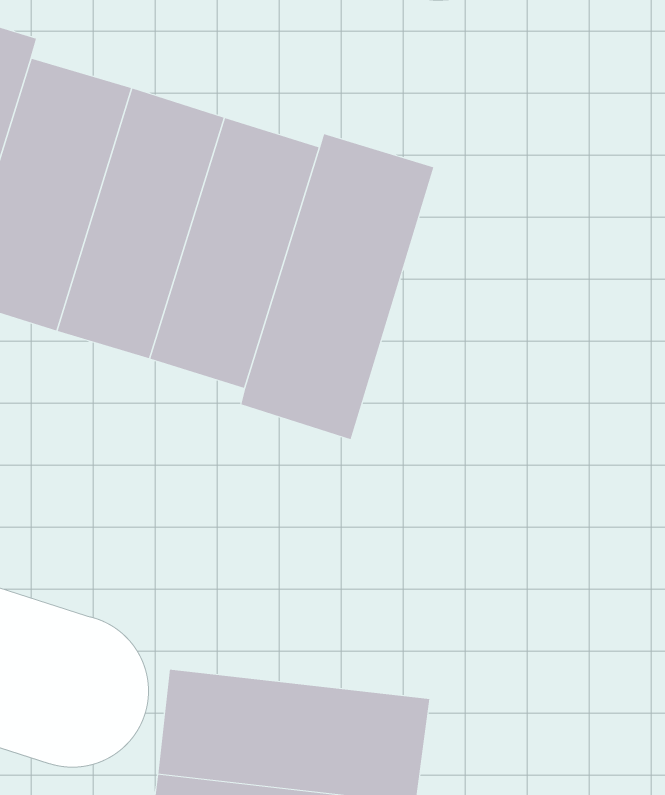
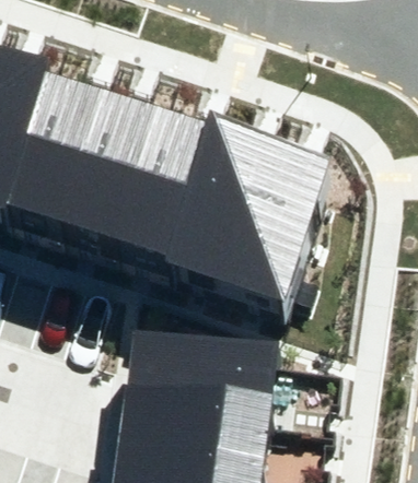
building: none -> [223,133,328,302]
building: none -> [123,352,274,427]

